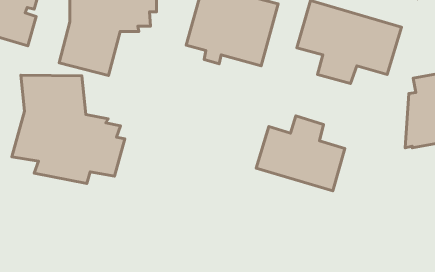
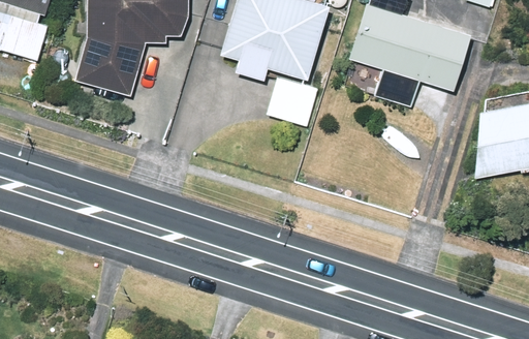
building: [12,75,125,183] -> none
building: [256,116,345,191] -> none

